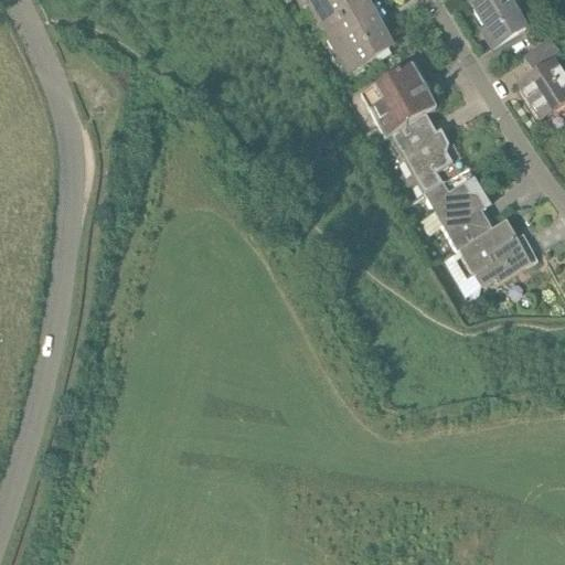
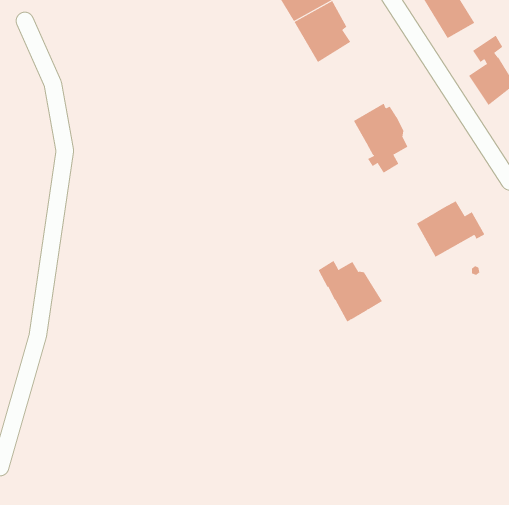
building: [361,65,435,143] -> none
building: [425,181,497,249] -> [318,260,383,322]

